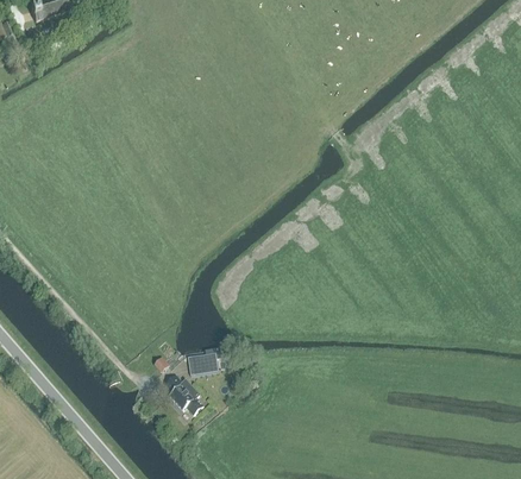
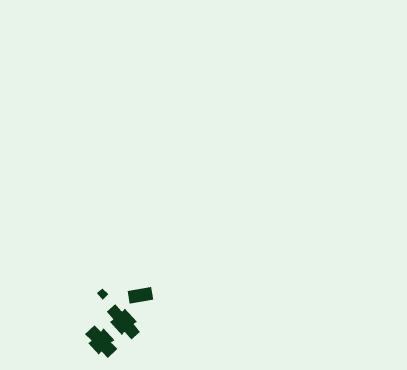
building: none -> [84,324,118,359]

